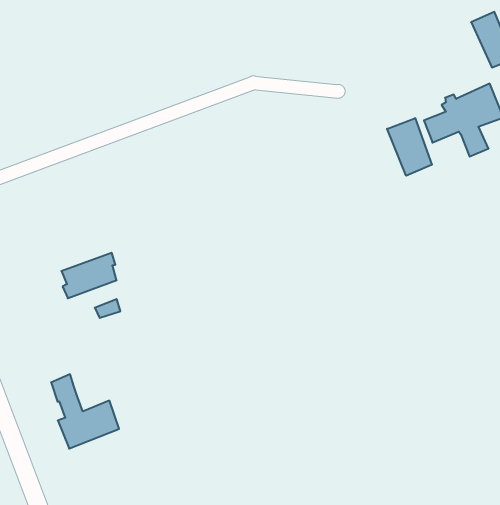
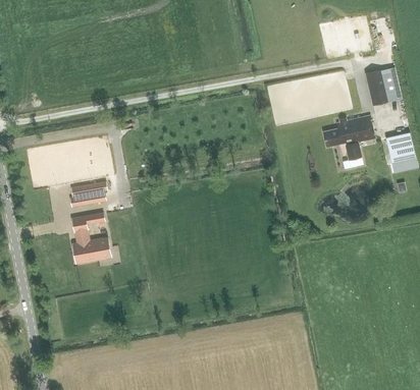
building: [387,118,432,176] -> none
building: [51,374,119,449] -> [72,215,111,263]

